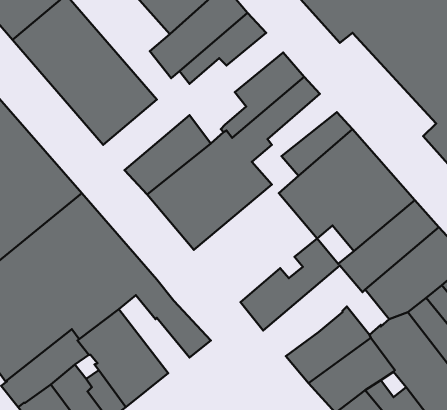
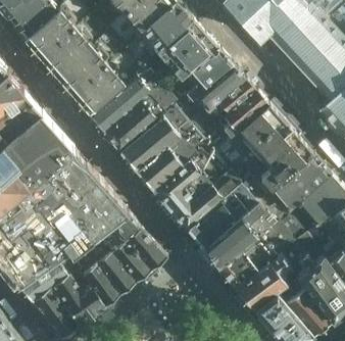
building: none -> [176,36,218,81]
building: none -> [89,63,177,135]
building: none -> [207,80,257,125]
building: none -> [154,145,243,230]
building: none -> [204,203,277,269]
building: none -> [100,225,151,281]

